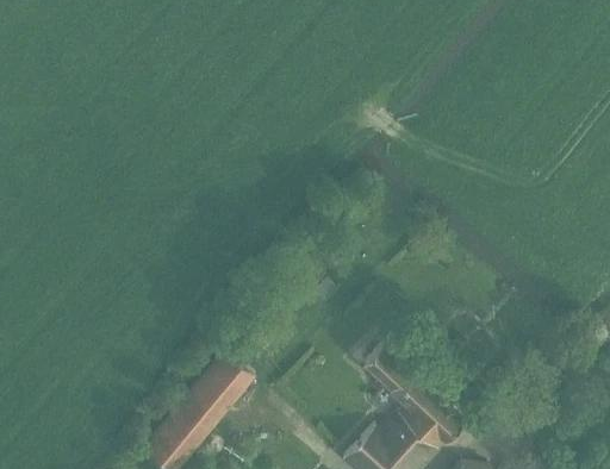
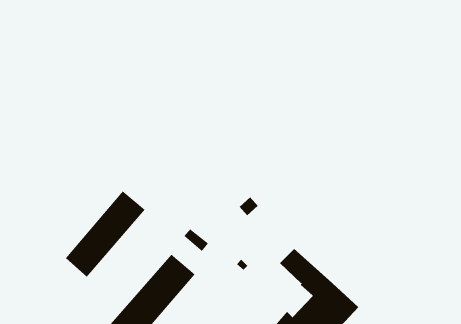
building: none -> [65,190,145,277]

